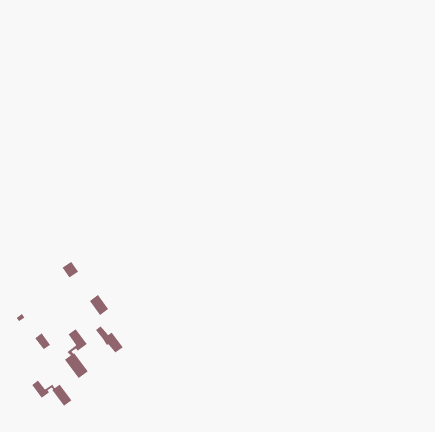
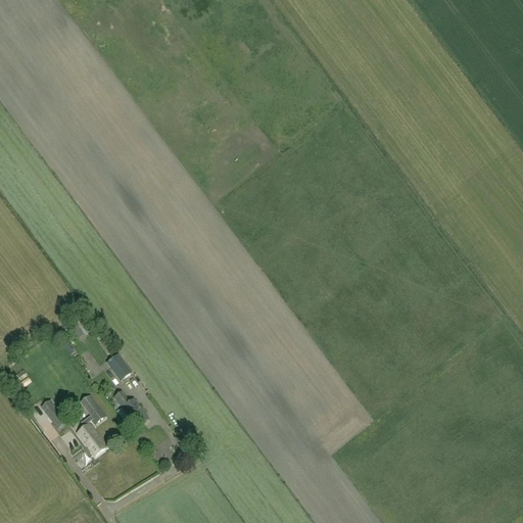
building: [31,379,72,407] -> none

